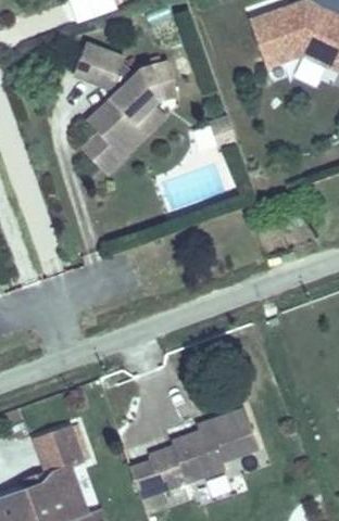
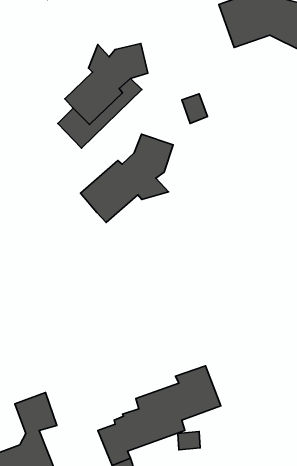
building: [74,42,125,87] -> none
building: none -> [80,134,173,222]

